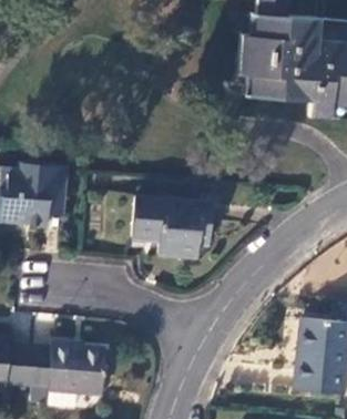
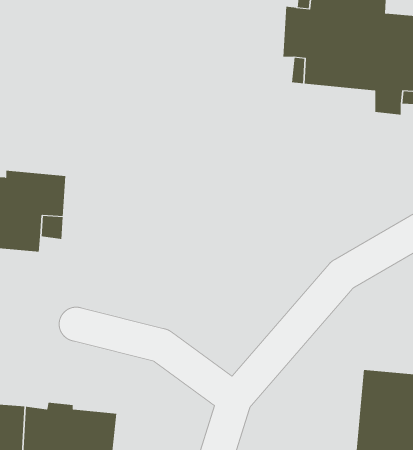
building: [131,194,212,257] -> none

